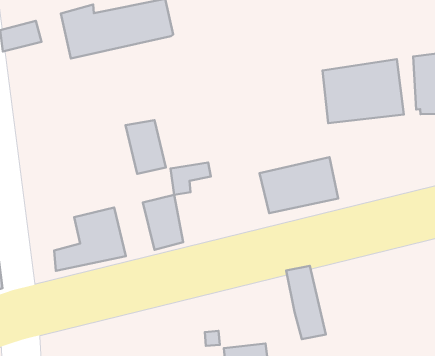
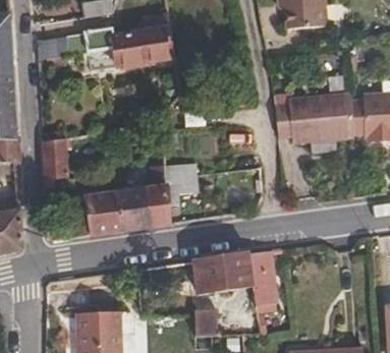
building: [126,120,166,174] -> [116,188,146,230]
building: none -> [43,137,66,179]
building: [260,157,338,213] -> [192,252,254,293]

